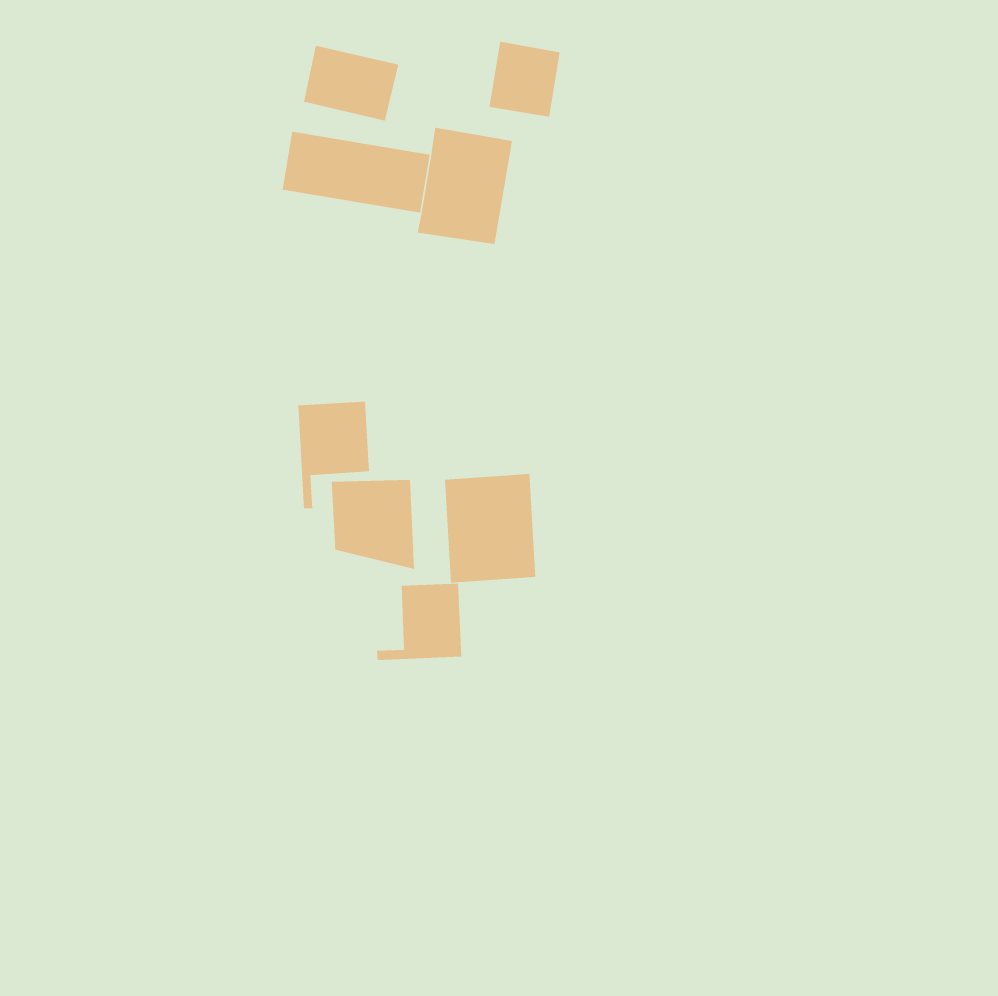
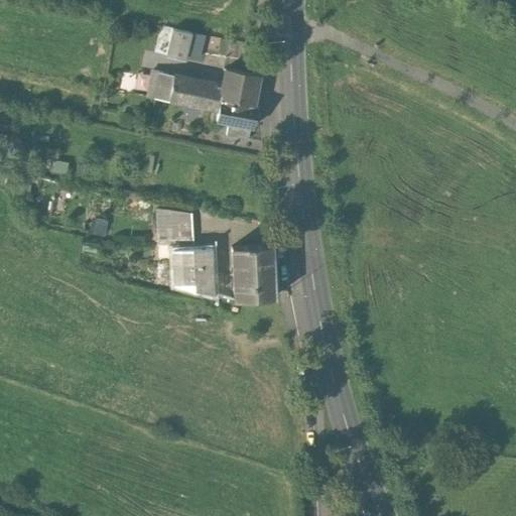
building: [489,41,560,117] -> none
building: [376,583,462,661] -> none

